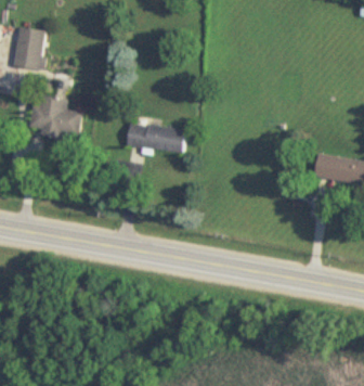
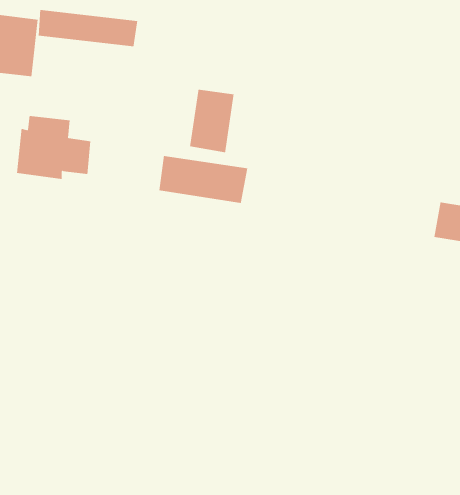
building: none -> [38,9,138,47]
building: none -> [190,89,234,153]

